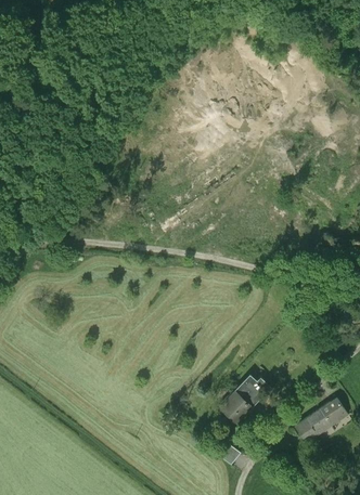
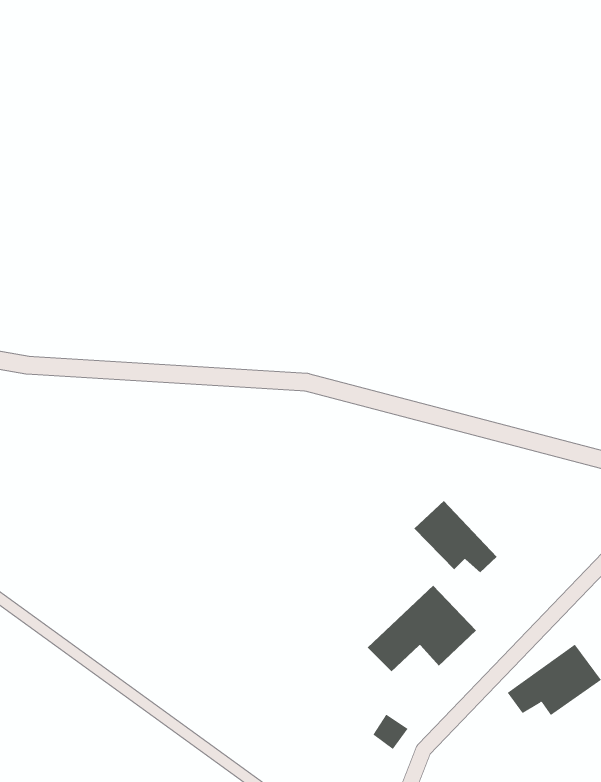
building: none -> [414,500,498,573]

